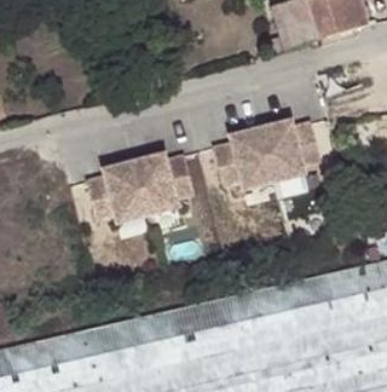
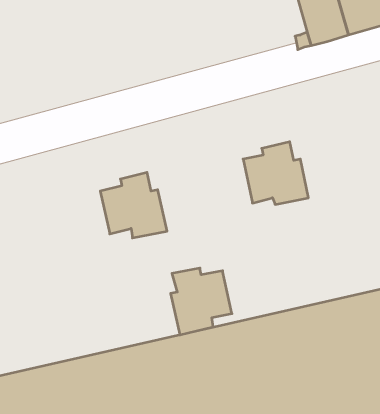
building: [273,128,329,186] -> none
building: [144,156,200,217] -> [171,268,232,335]

